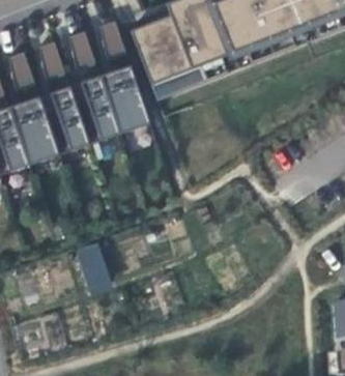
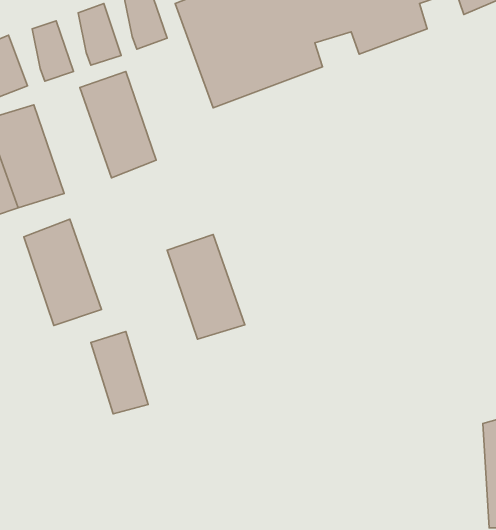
building: [98,63,149,132] -> [167,234,245,339]
building: [38,84,89,153] -> [24,219,101,325]

